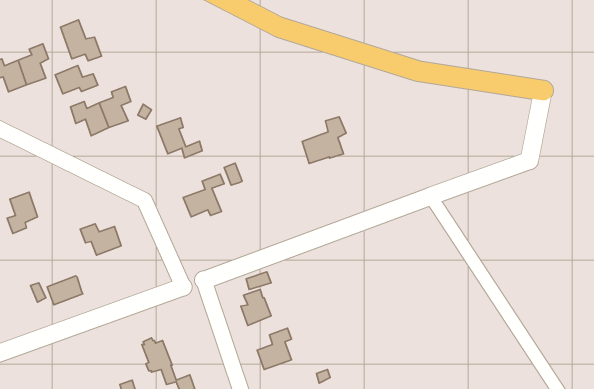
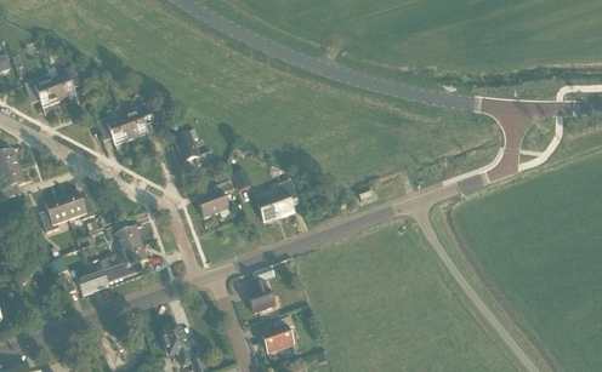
building: [60,20,102,61] -> none
building: [55,66,98,94] -> none
building: [302,117,346,164] -> [257,179,296,221]
building: none -> [61,189,95,218]
building: none -> [103,242,148,282]

